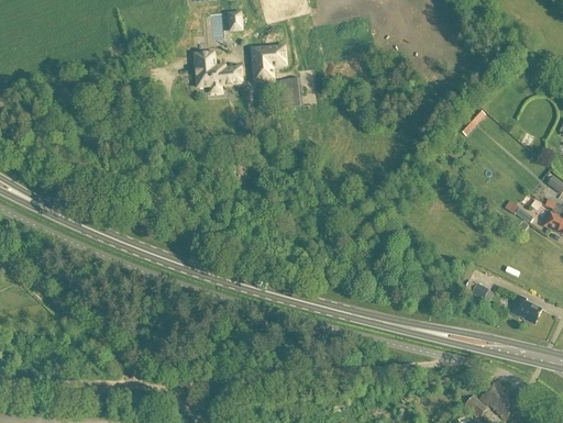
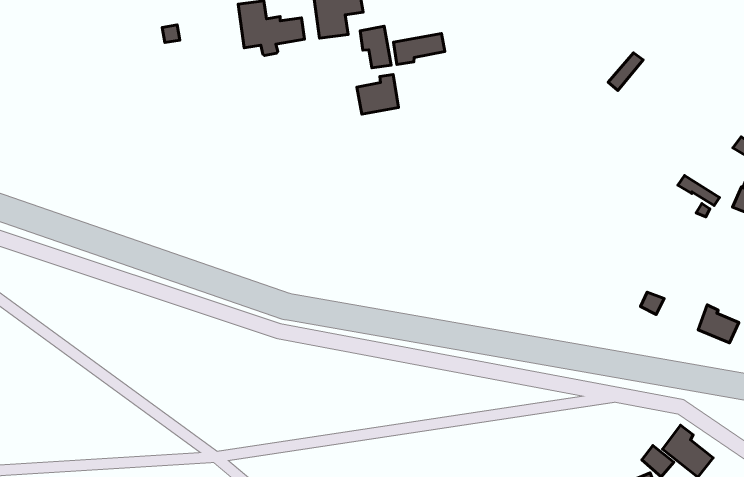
building: none -> [393,33,445,65]
building: none -> [357,74,399,114]

